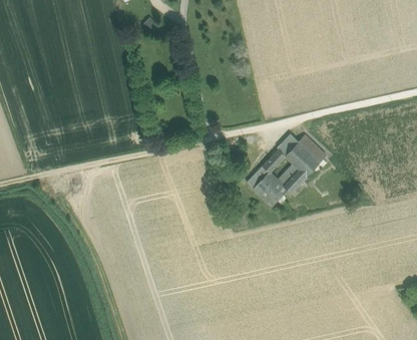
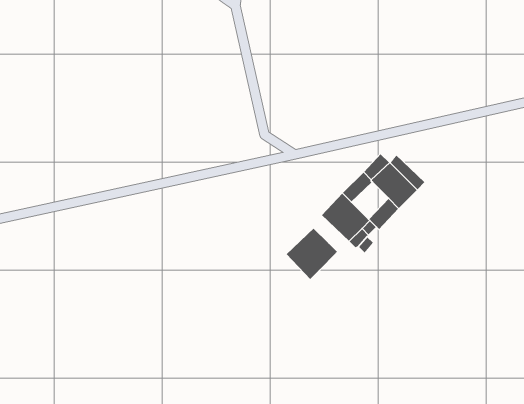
building: none -> [286,228,338,280]

